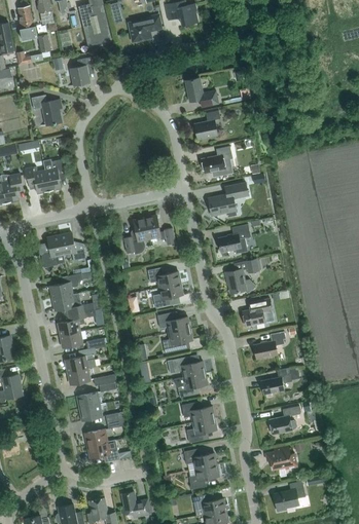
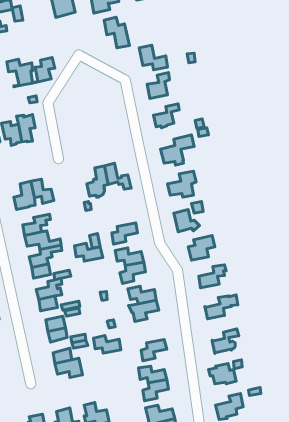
building: none -> [104,17,129,48]
building: [67,57,93,86] -> [33,57,55,83]
building: [147,267,180,288] -> [75,243,103,261]
building: [181,402,213,422] -> [93,335,121,353]

